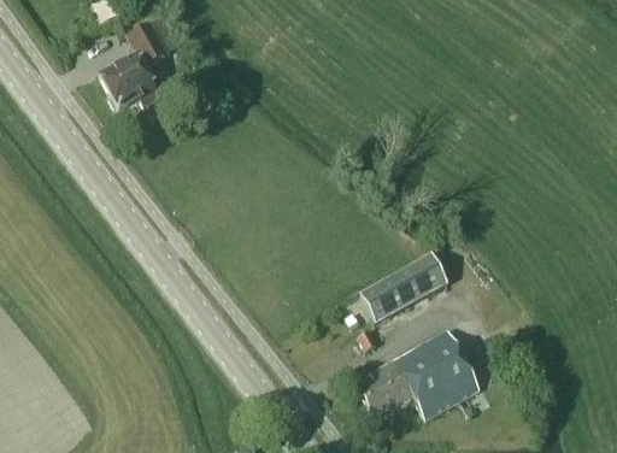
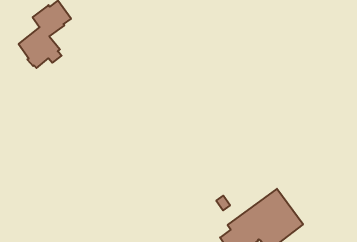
building: [360,252,449,322] -> none

